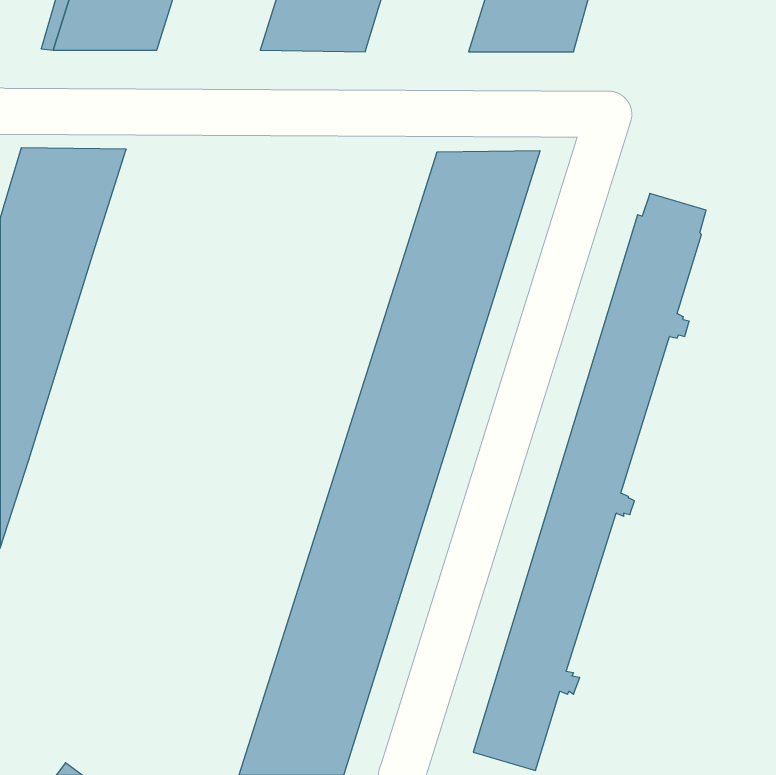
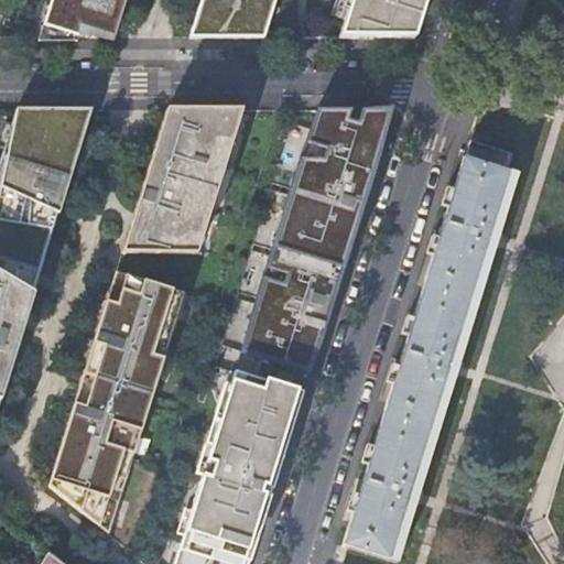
building: none -> [122,108,242,252]
building: none -> [48,271,184,533]

